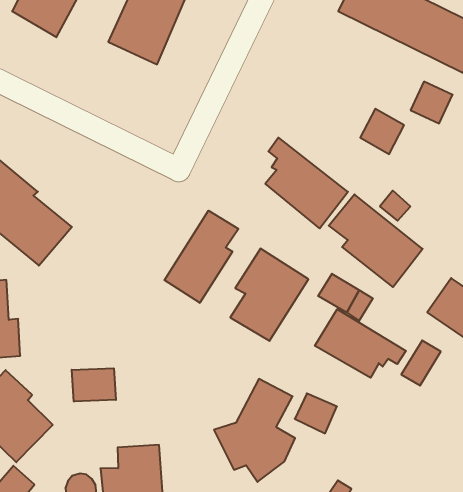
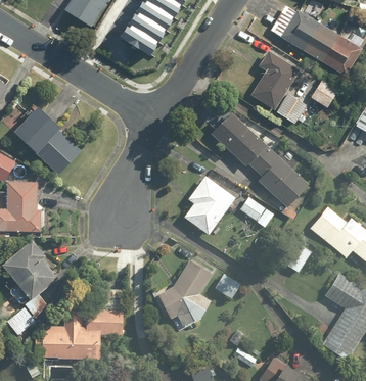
building: none -> [248,51,300,110]
building: [164,211,238,303] -> none
building: [315,309,406,378] -> none
building: [72,368,116,402] -> none

